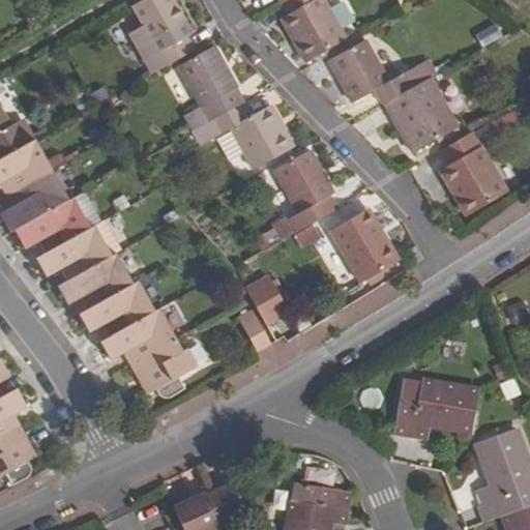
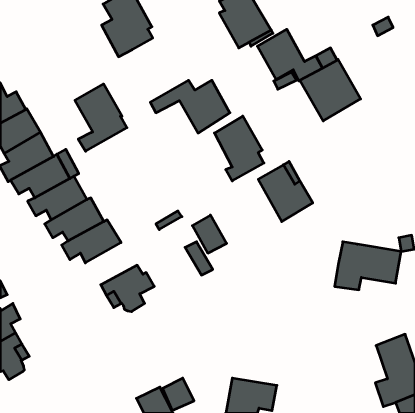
building: [178,45,244,130] -> [75,84,127,151]
building: [438,132,507,215] -> none
building: [99,308,175,363] -> none
building: [395,376,480,437] -> [335,242,401,290]

